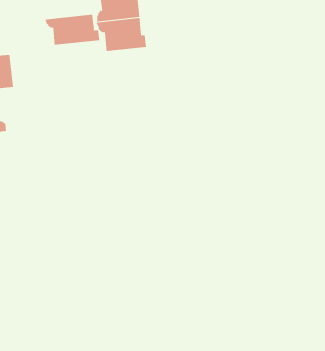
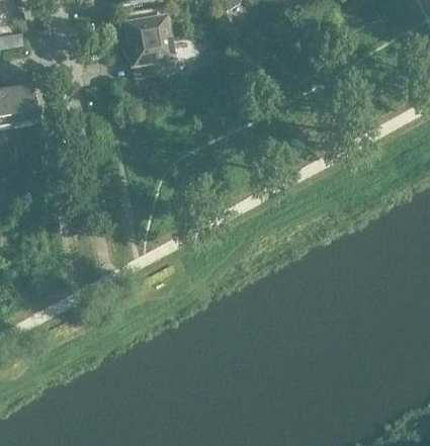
building: [44,14,100,45] -> none

